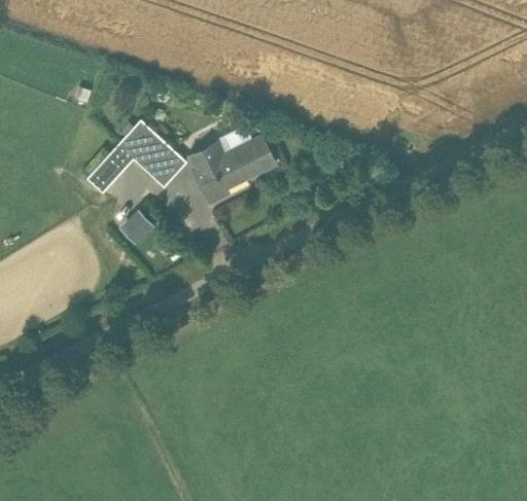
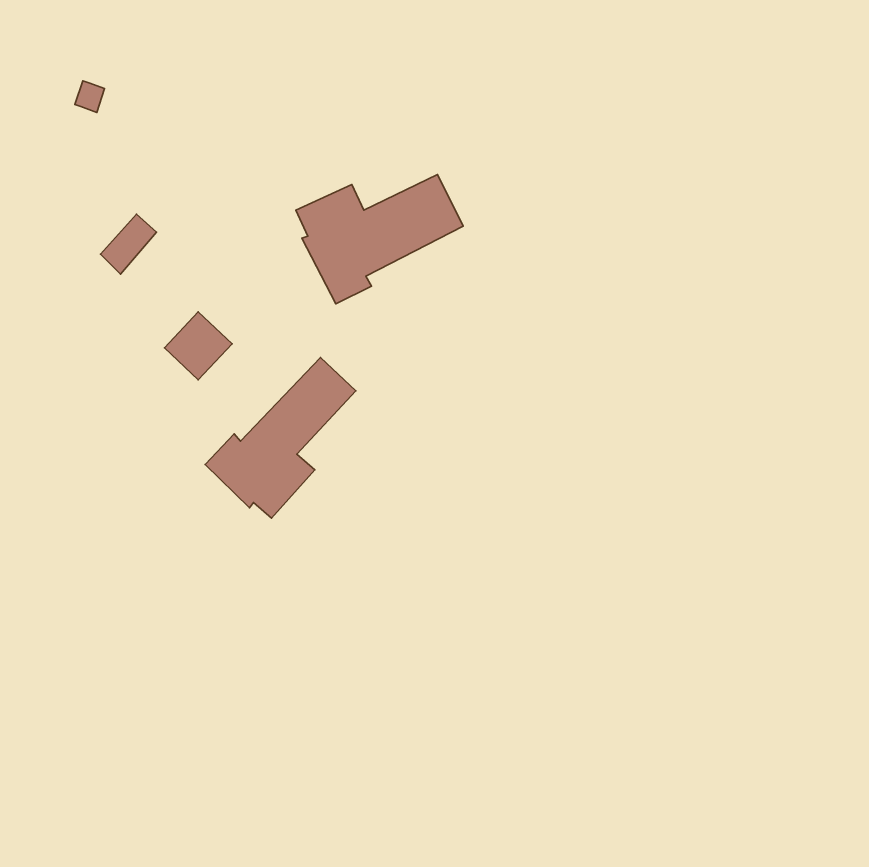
building: [118,121,186,186] -> none
building: none -> [205,357,356,518]

